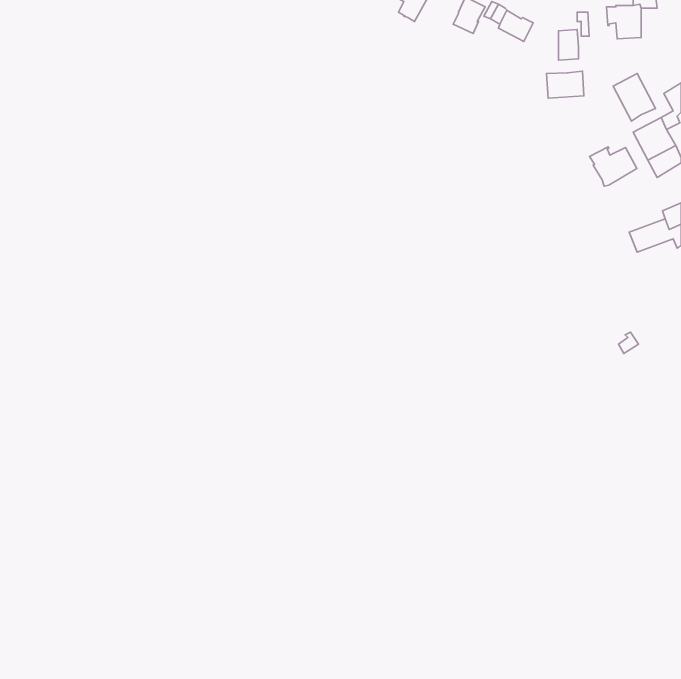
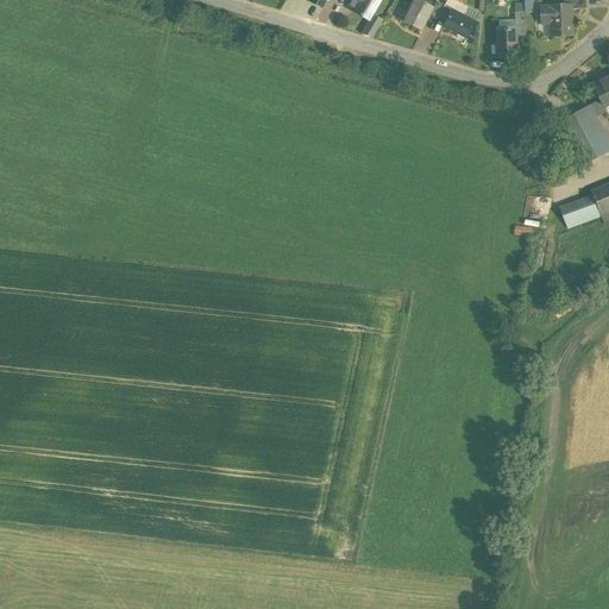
building: [547,71,584,98] -> none
building: [613,73,655,121] -> none
building: [590,147,637,186] -> none

